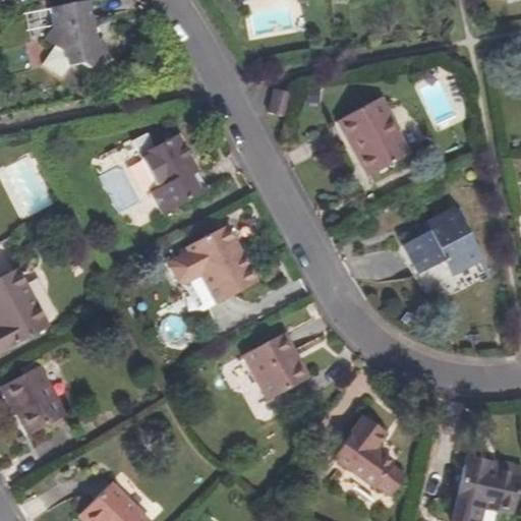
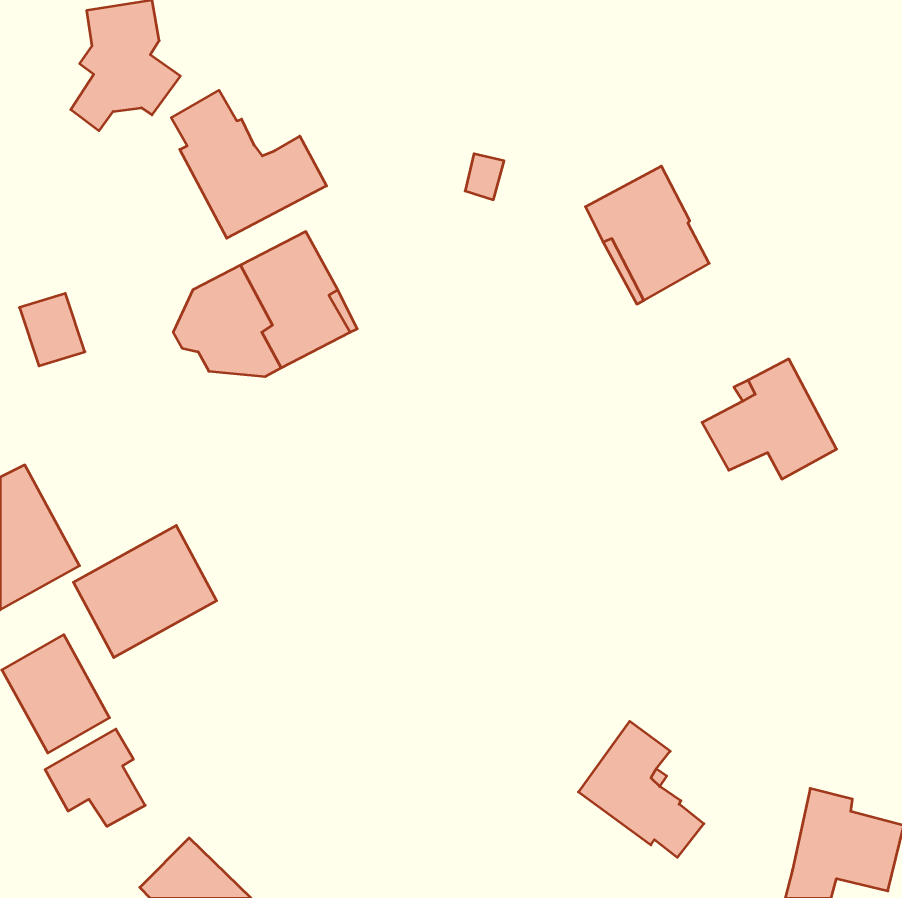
building: none -> [171,90,327,238]
building: [169,224,257,302] -> none
building: none -> [73,525,217,658]
building: [243,332,308,420] -> none
building: none -> [45,729,145,826]

